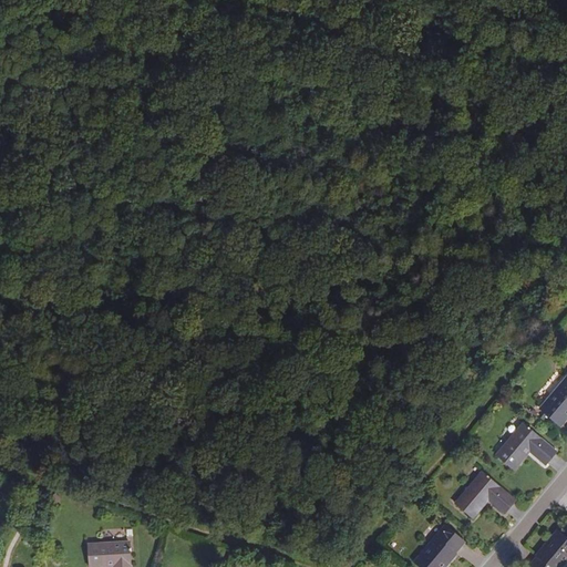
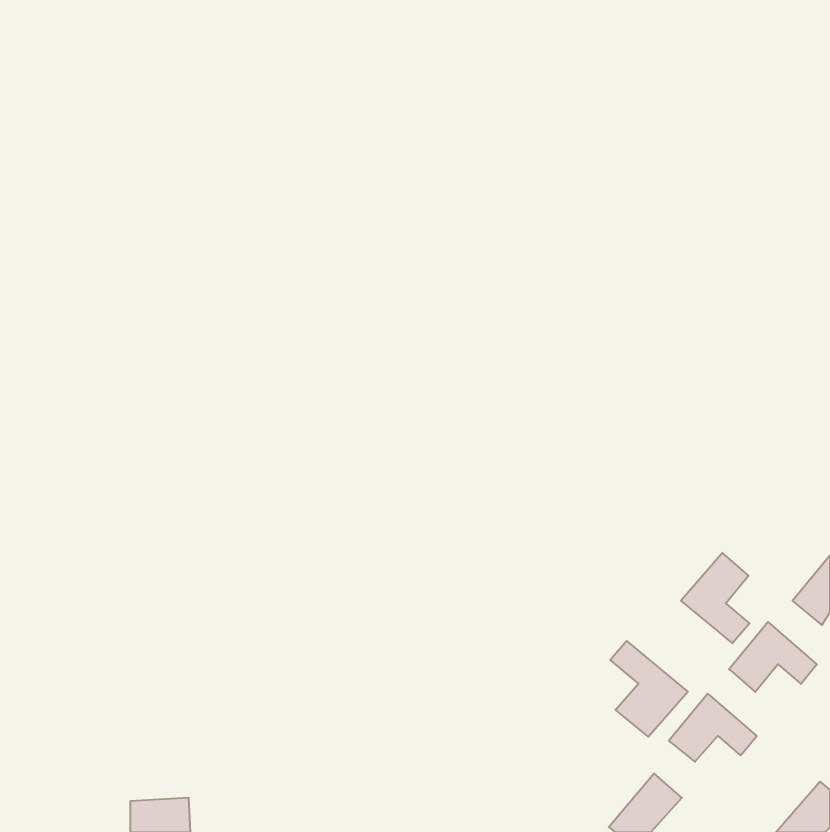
building: none -> [681,553,750,643]
building: none -> [610,641,688,737]

